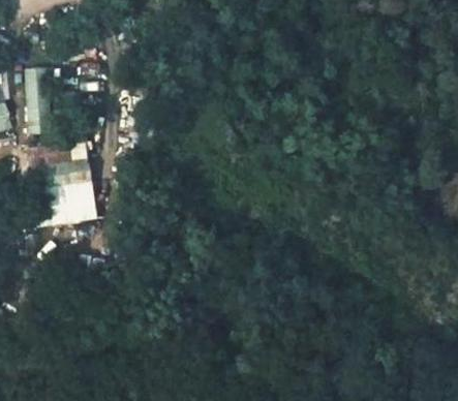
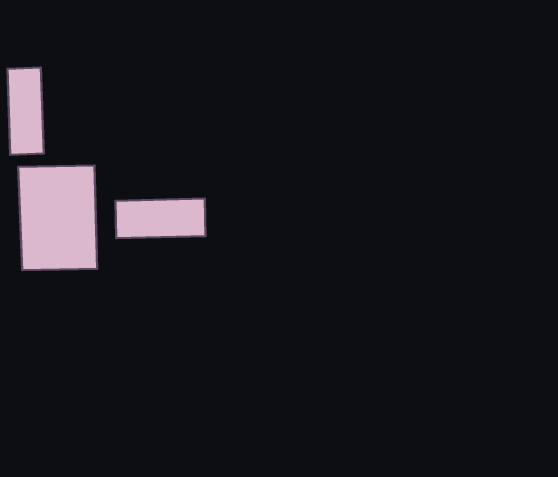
building: none -> [116,199,205,238]

